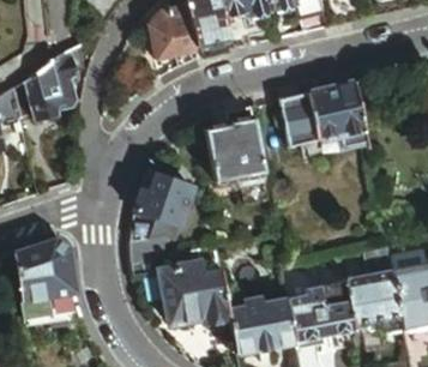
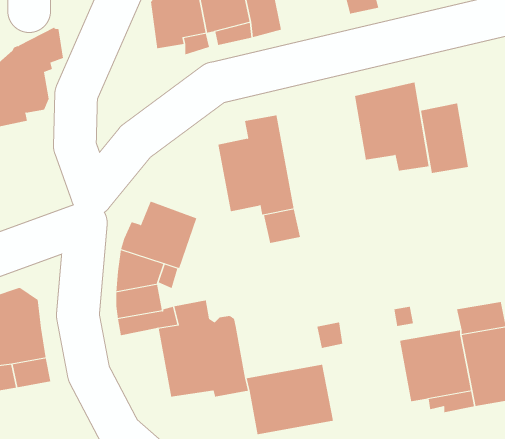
building: [282,92,319,146] -> [420,103,469,173]
building: [287,281,354,347] -> none

